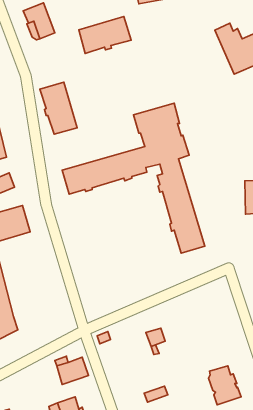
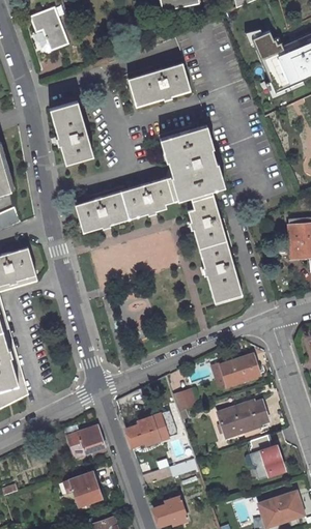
building: [79,16,131,54] -> [128,64,189,108]
building: none -> [216,356,253,386]
building: none -> [218,400,270,434]
building: none -> [125,415,160,445]

